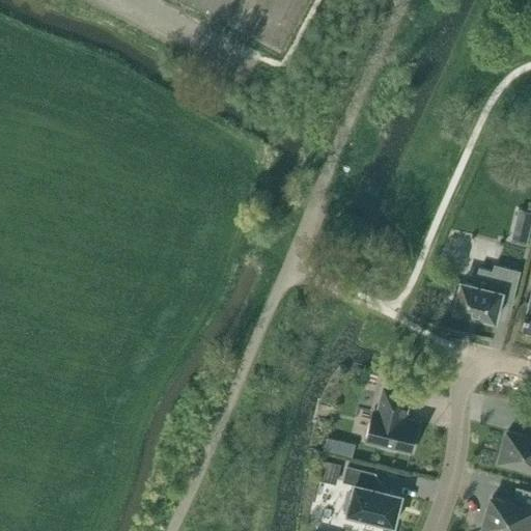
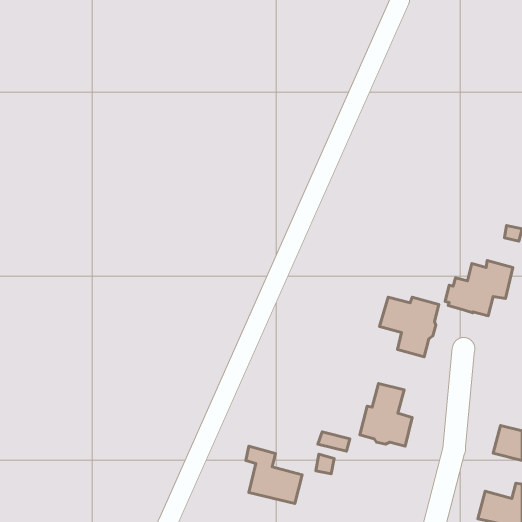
building: none -> [379,297,439,357]
building: [343,468,400,526] -> [246,446,302,504]

